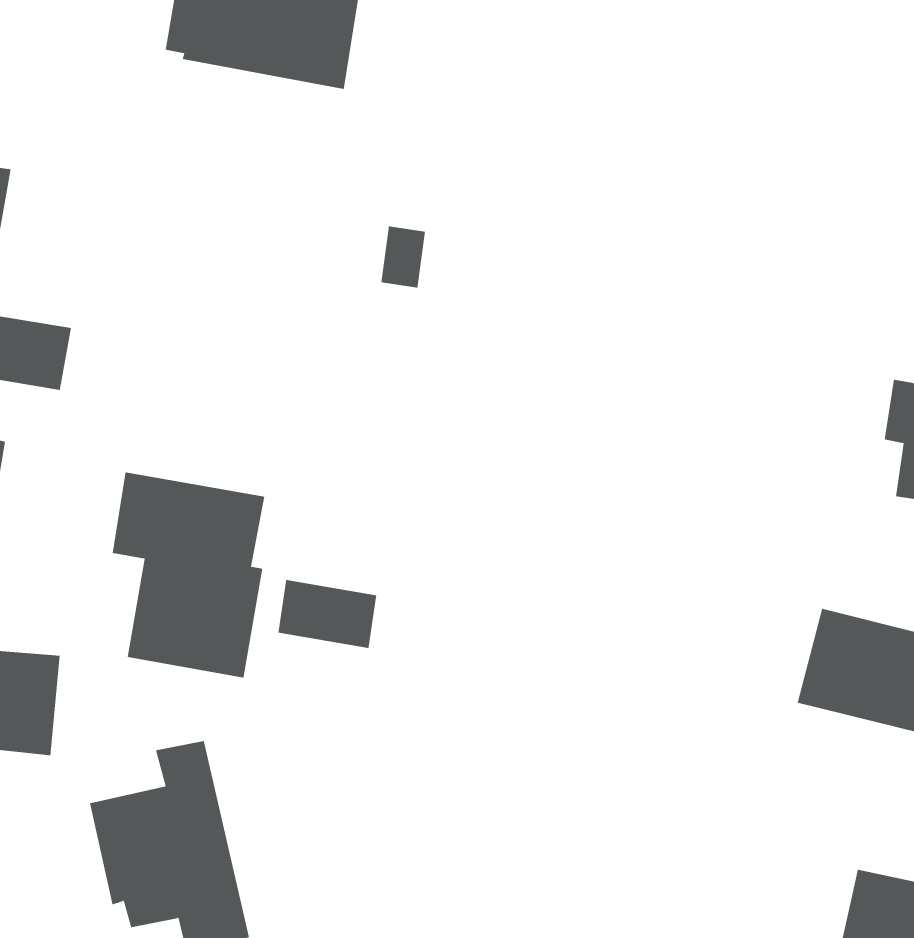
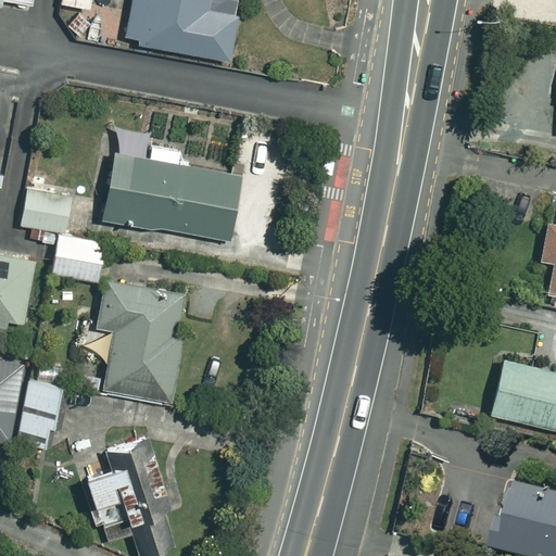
building: none -> [101,147,242,239]
building: none -> [52,237,105,282]
building: [278,579,377,649] -> none

